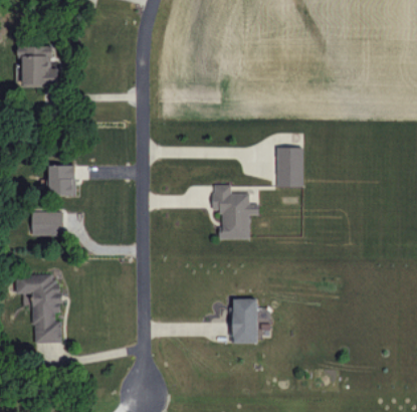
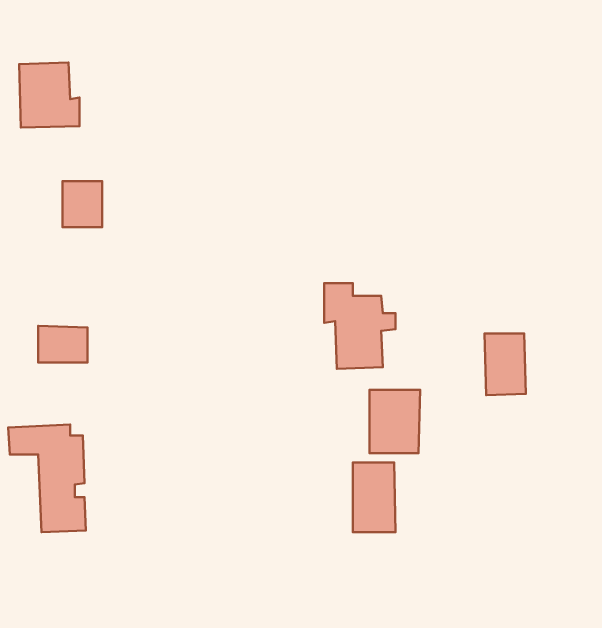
building: [276,148,302,187] -> [485,333,526,395]
building: [48,166,73,195] -> [63,181,102,227]
building: none -> [369,390,420,453]

